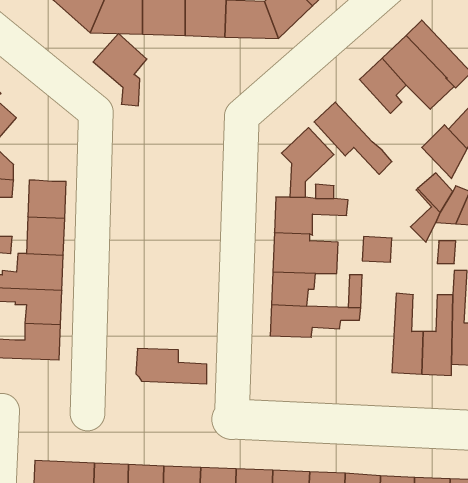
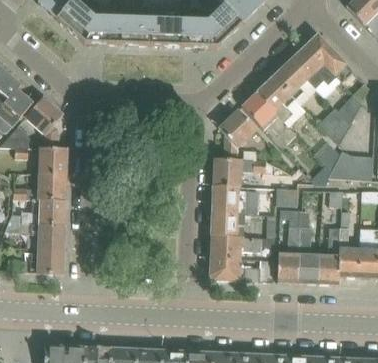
building: [93,34,147,106] -> [25,96,63,147]
building: none -> [257,75,306,125]
building: none -> [277,207,300,282]
building: [136,349,207,384] -> [210,256,260,281]

